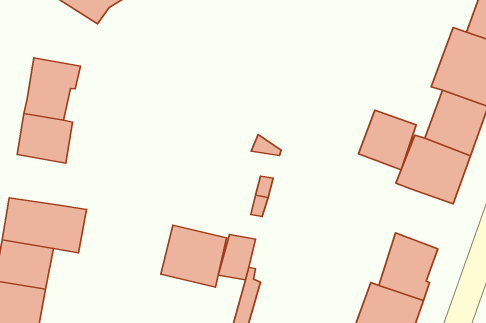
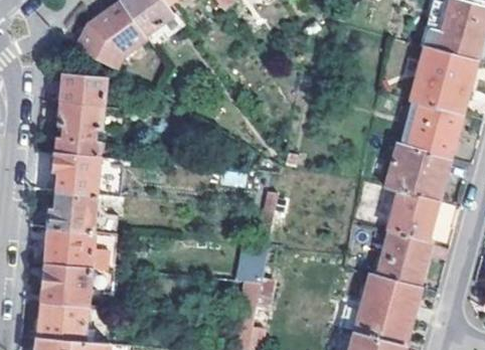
building: none -> [60,72,105,107]
building: [359,110,416,170] -> [388,191,437,241]
building: none -> [44,188,96,229]
building: [161,225,227,287] -> none

